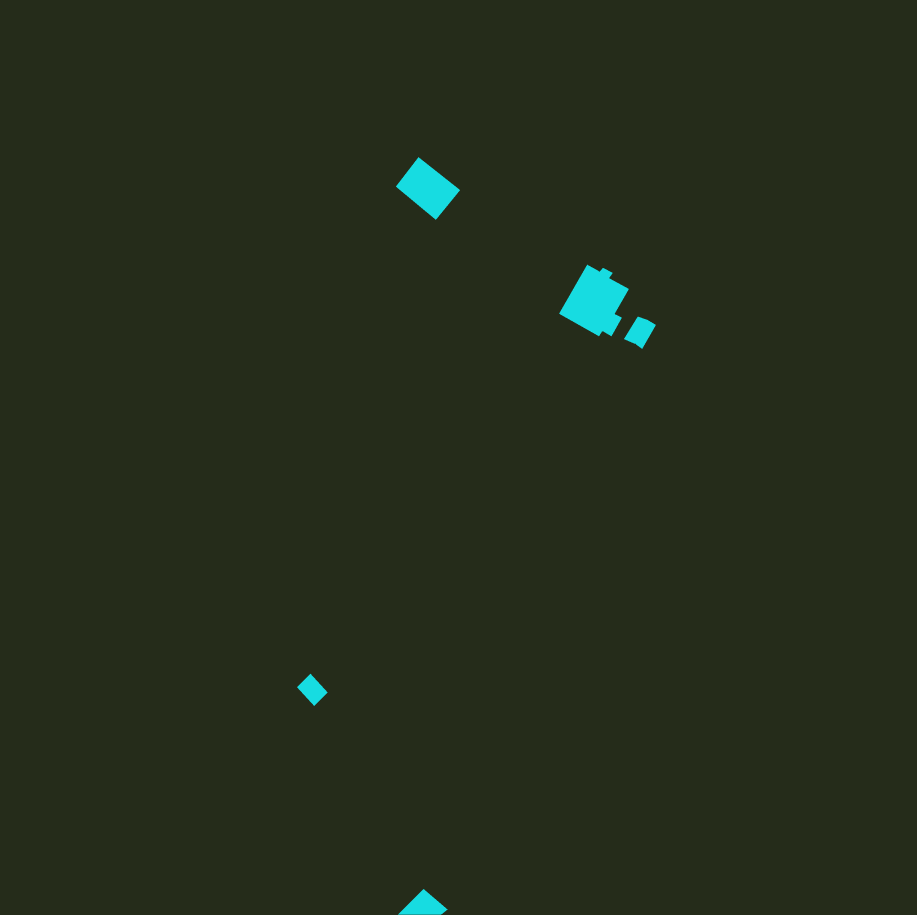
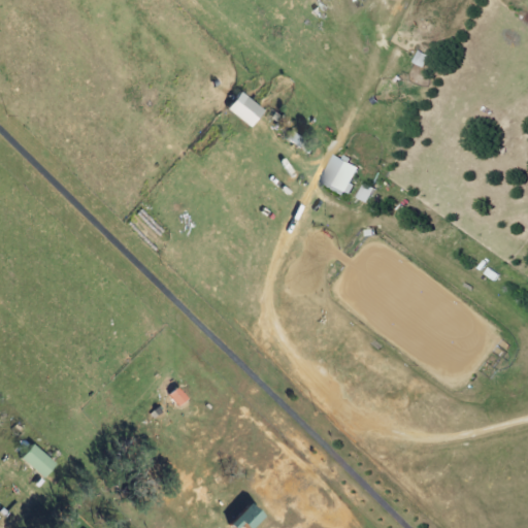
building: none -> [21,444,57,478]

